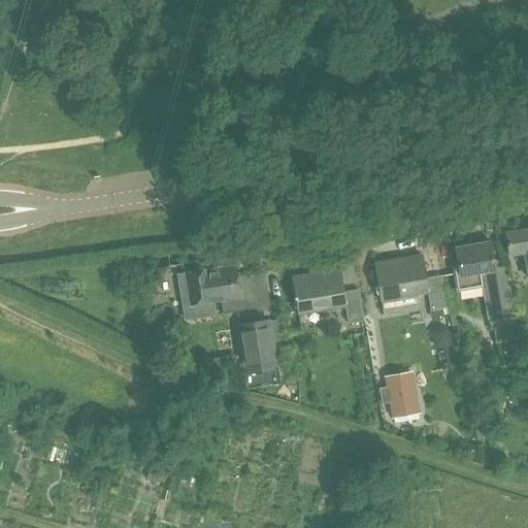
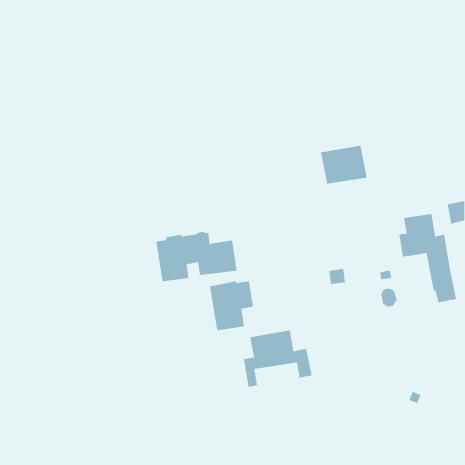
building: [375,254,429,298] -> [320,145,367,184]
building: [286,268,364,333] -> [243,330,312,387]
building: [378,371,419,417] -> none

